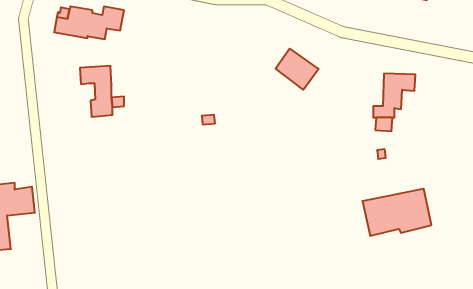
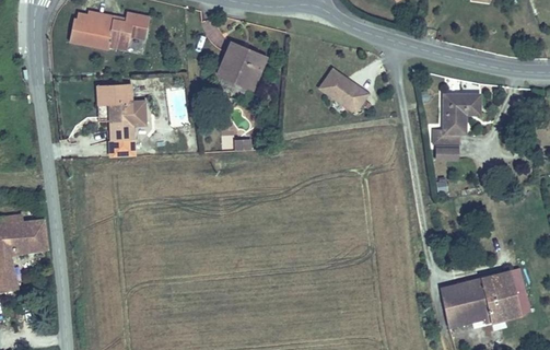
building: none -> [218,38,267,82]
building: [362,189,431,236] -> [441,273,519,327]

